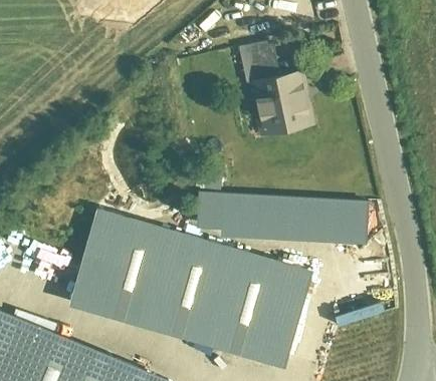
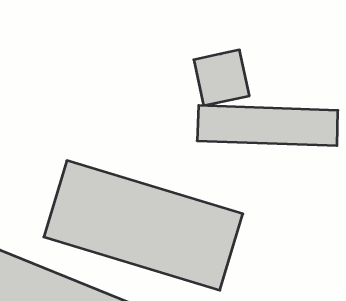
building: [238,41,280,82] -> none
building: [207,196,380,245] -> [197,105,338,146]

